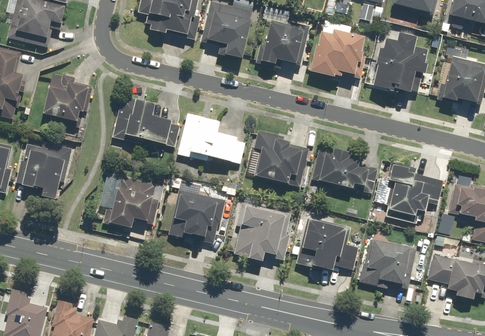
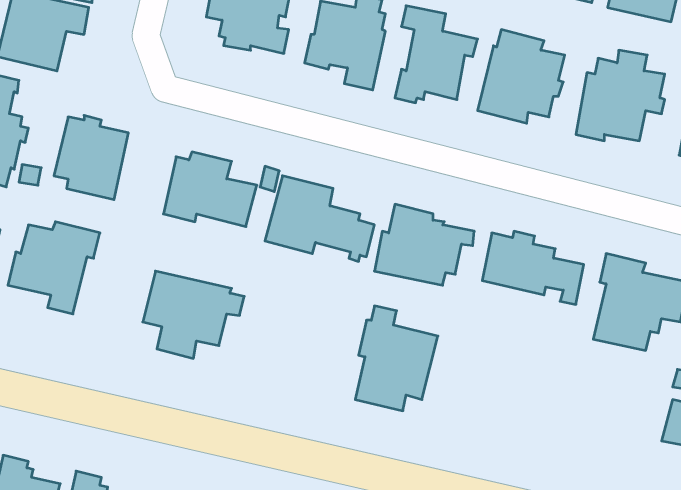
building: [168,189,224,238] -> none
building: [295,217,359,269] -> none
building: [359,239,409,285] -> none

